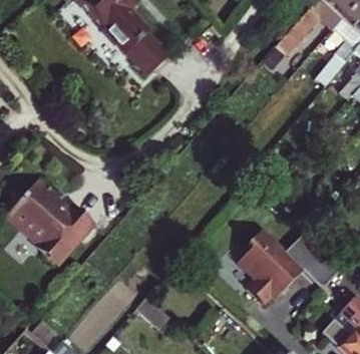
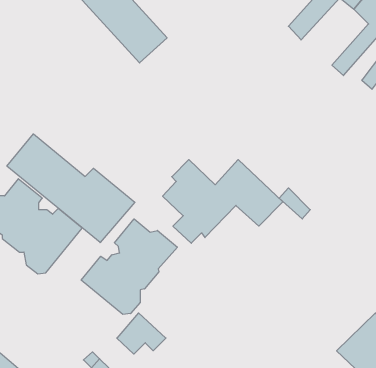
building: none -> [7,134,135,243]
building: none -> [81,219,177,314]
building: [240,230,345,303] -> [163,160,283,243]

